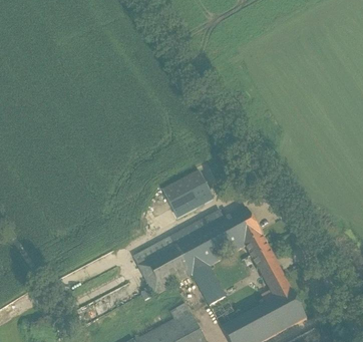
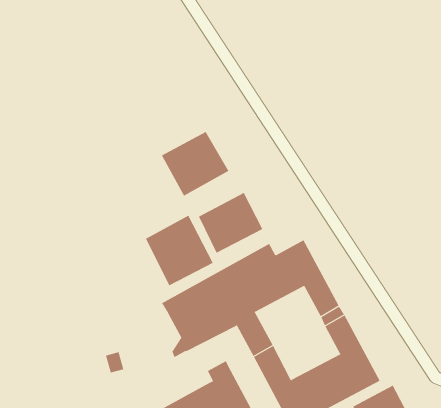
building: none -> [161,131,229,196]
building: none -> [145,215,214,286]

